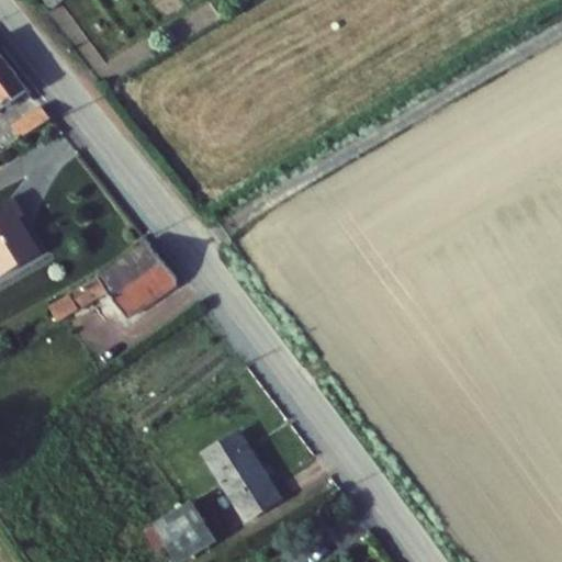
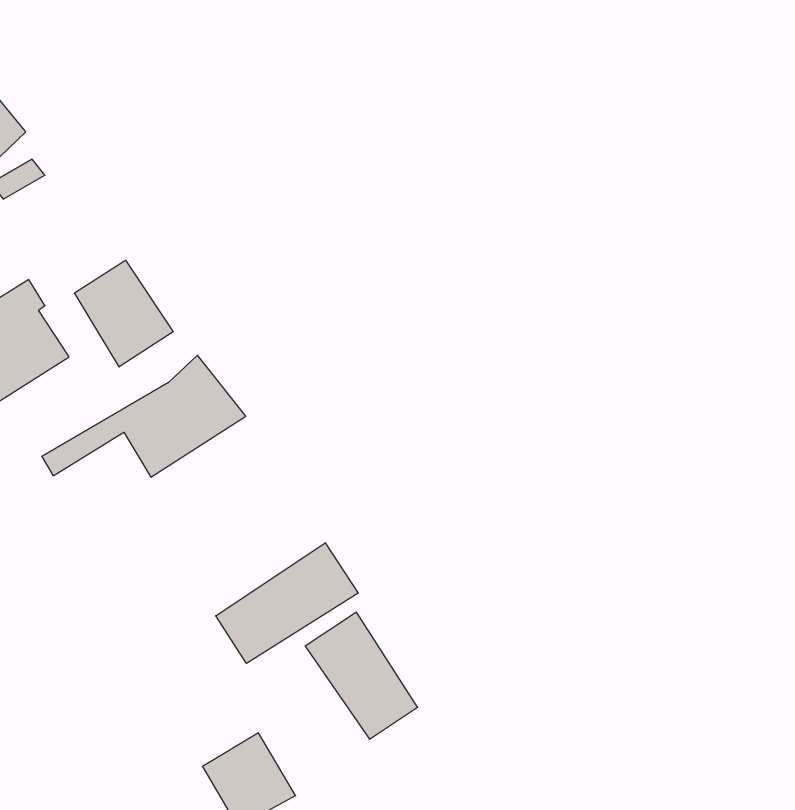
building: none -> [74,260,173,367]
building: none -> [216,543,358,663]

